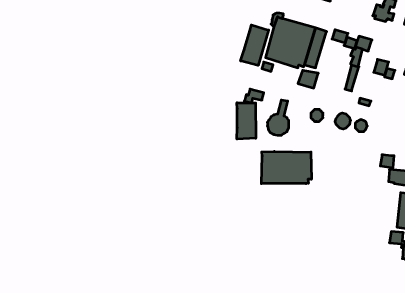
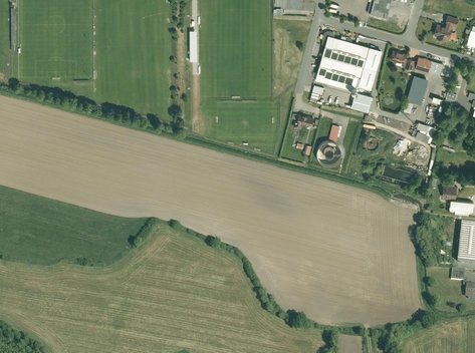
building: [241,25,269,65] -> none
building: [237,103,256,139] -> none
building: [261,151,311,184] -> none

